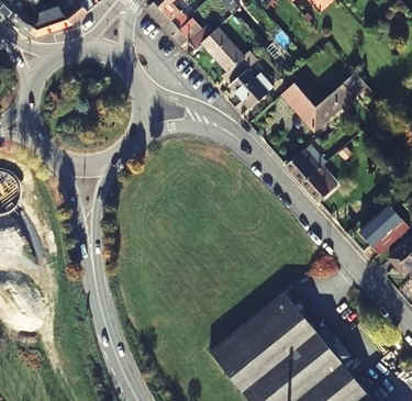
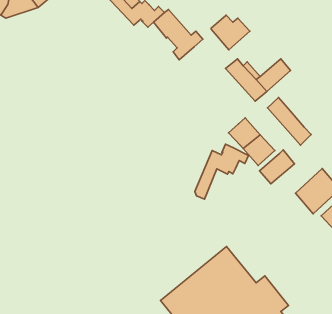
building: [230,69,272,108] -> [211,15,250,50]
building: none -> [268,97,311,145]
building: none -> [195,144,249,199]
building: none -> [259,150,294,184]

